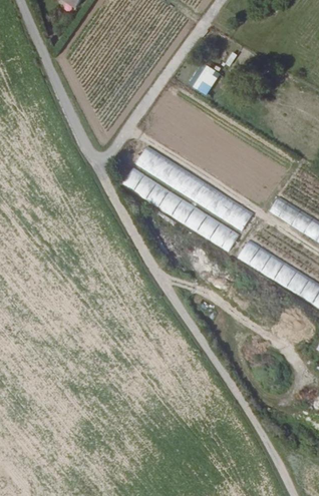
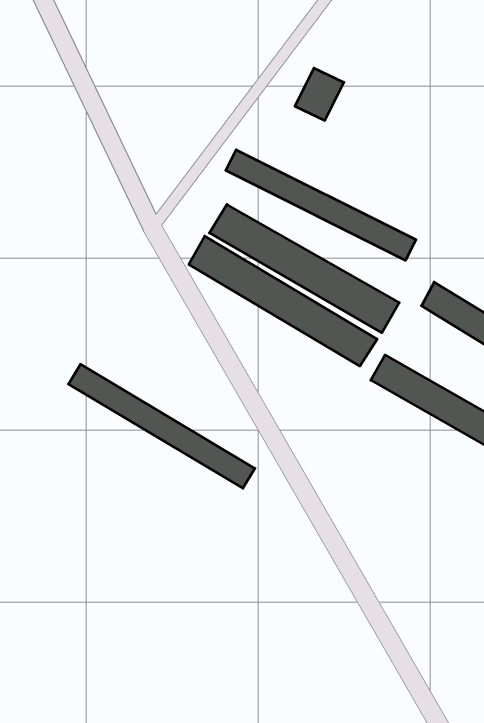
building: none -> [226,150,416,260]
building: none -> [68,364,255,488]

